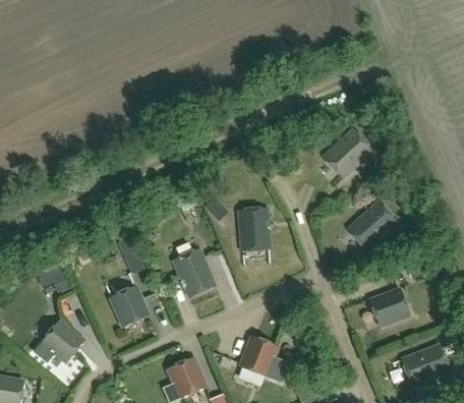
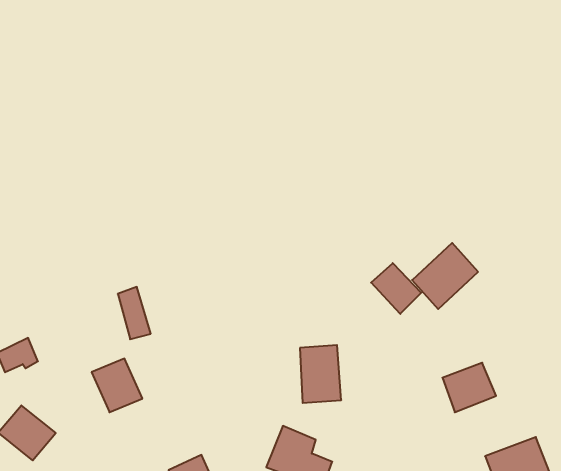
building: [323,128,371,177] -> none
building: [238,208,269,250] -> [300,345,341,403]
building: none -> [371,263,421,314]
building: [172,247,215,296] -> none

